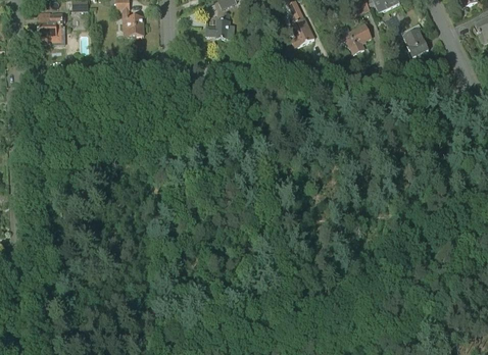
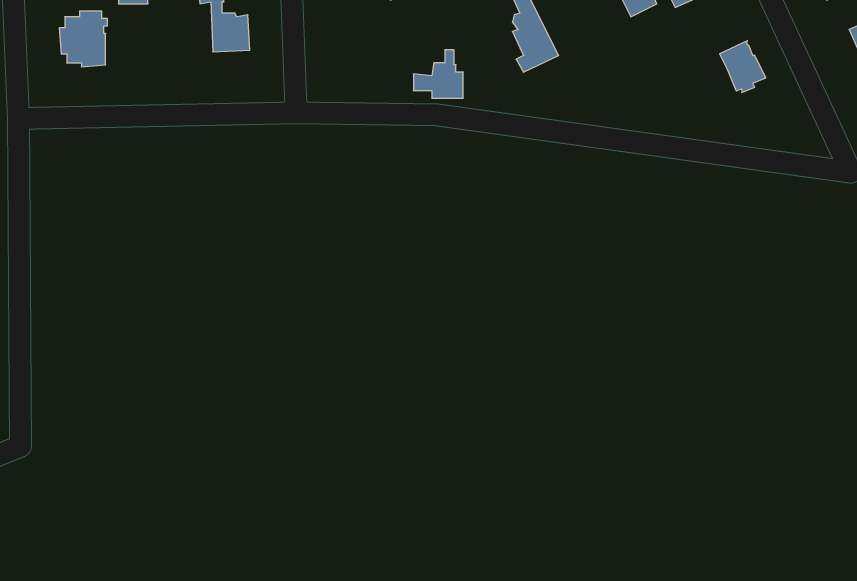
building: [205,11,233,38] -> [413,50,463,98]
building: [337,23,371,52] -> none

